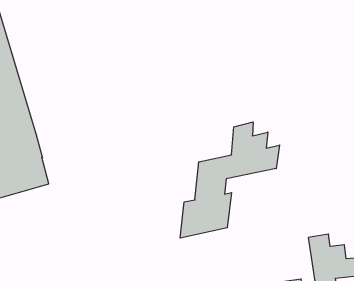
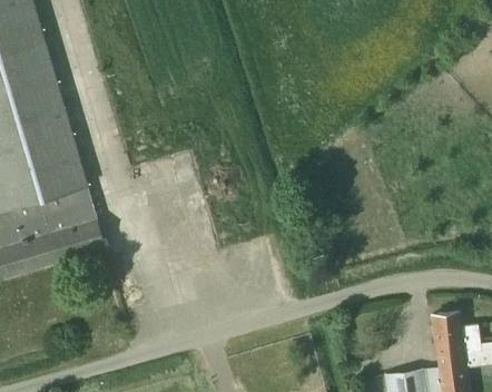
building: [180,122,280,238] -> none

